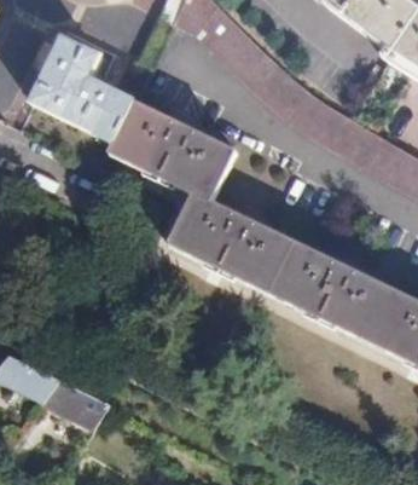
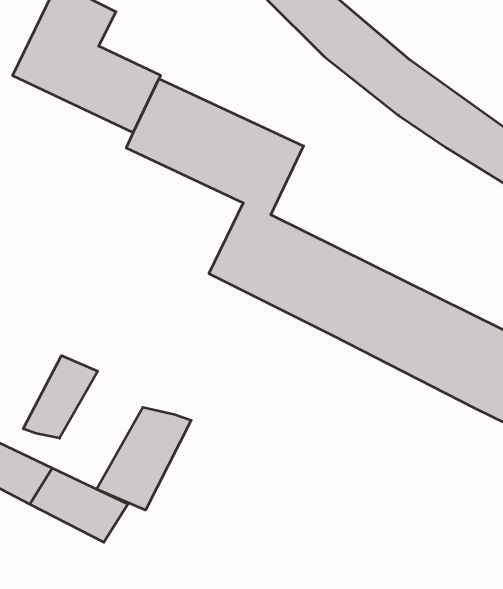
building: none -> [23,356,98,438]
building: none -> [97,407,191,510]

